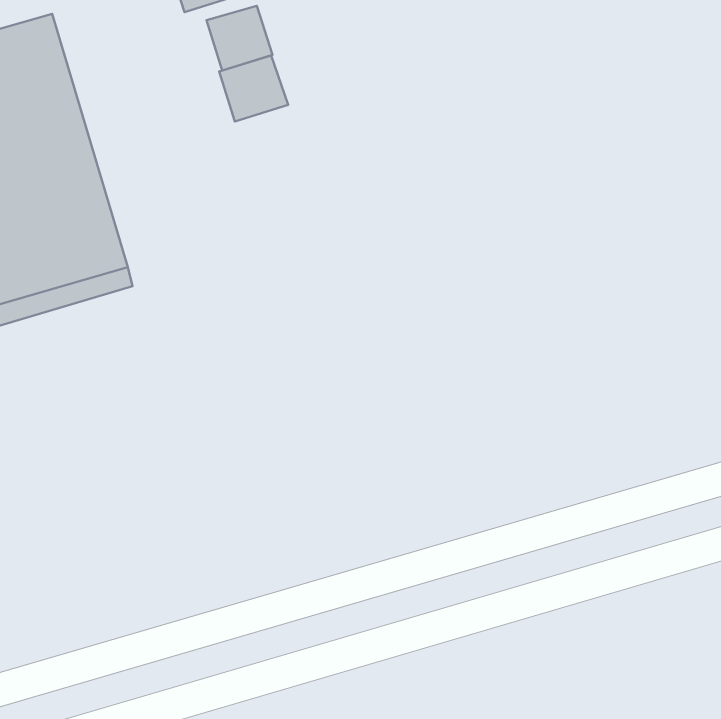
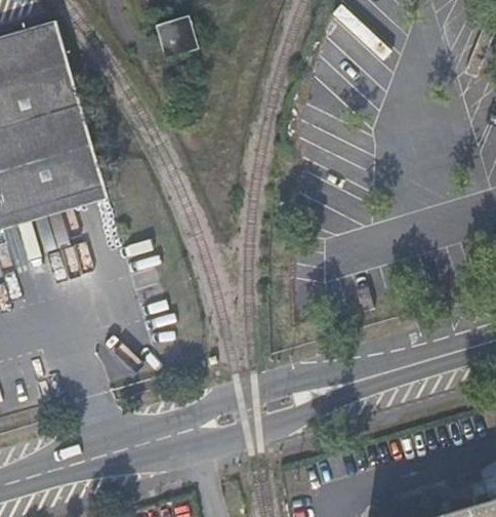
building: [219,56,288,122] -> none

